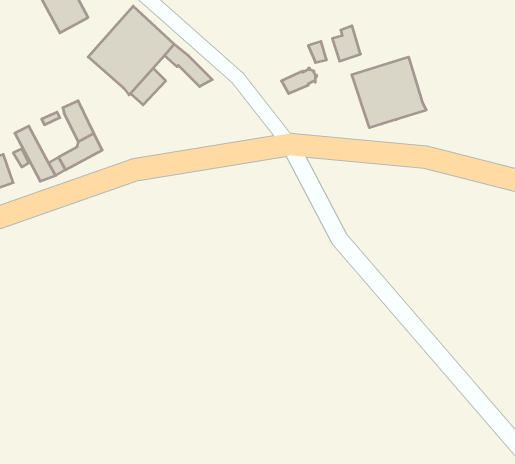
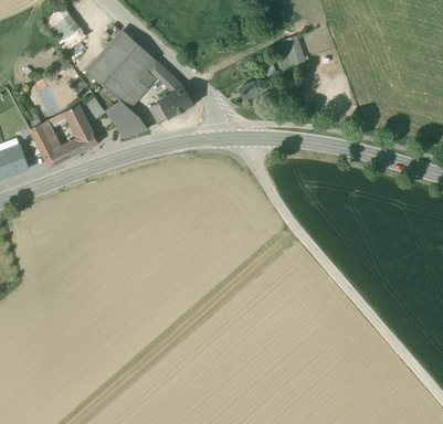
building: [352,57,426,128] -> none
building: none -> [151,87,194,123]
building: none -> [105,98,148,137]

